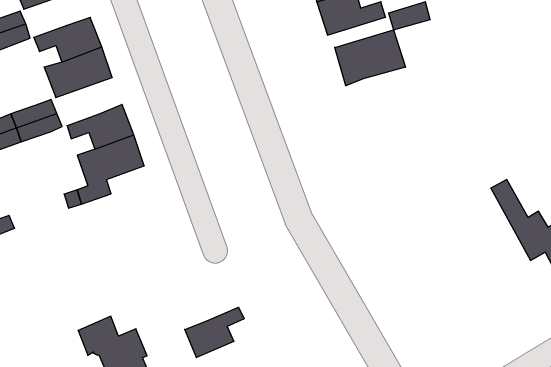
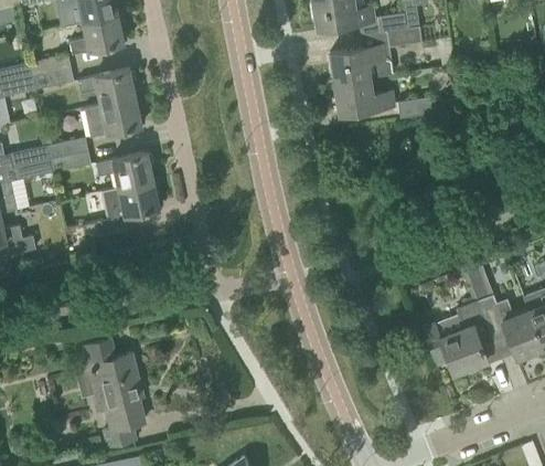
building: [335,30,405,86] -> none
building: none -> [421,269,492,373]
building: [185,307,244,358] -> none

